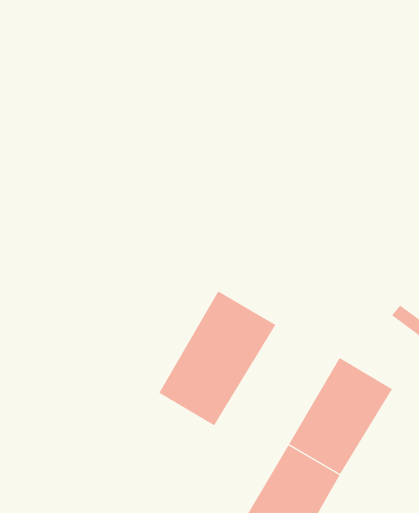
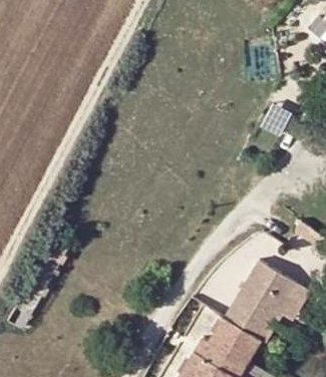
building: [158,291,276,426] -> none

